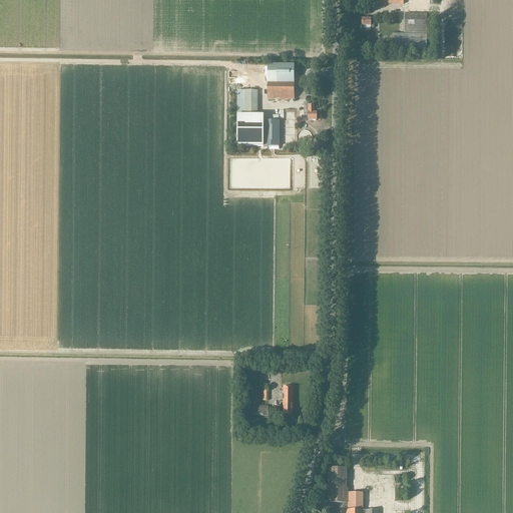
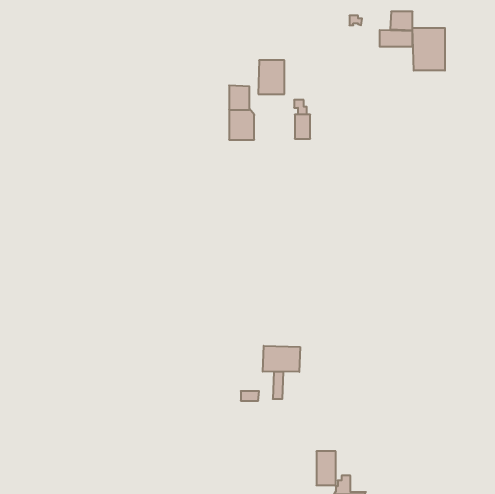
building: none -> [412,28,445,71]
building: [263,119,279,144] -> [295,115,310,139]
building: none -> [263,346,300,372]

